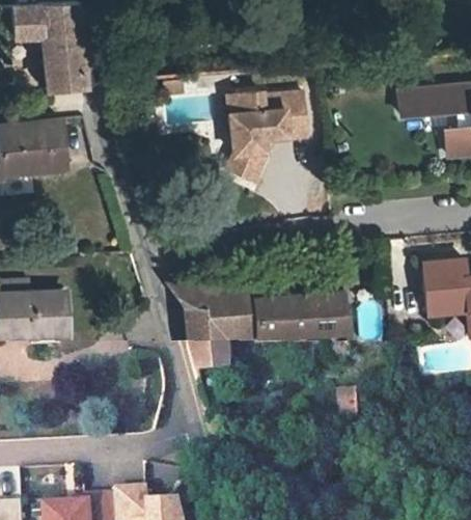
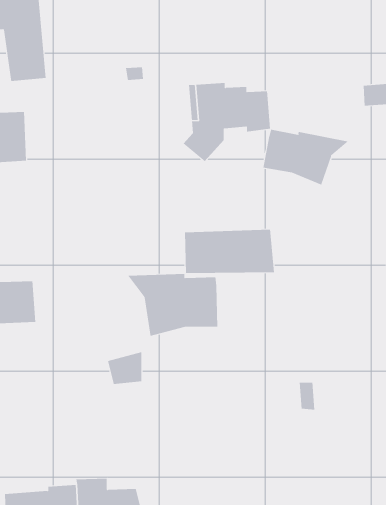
building: none -> [263,129,349,186]
building: [256,292,348,336] -> [184,229,275,274]
building: [189,336,224,370] -> [107,351,142,384]

